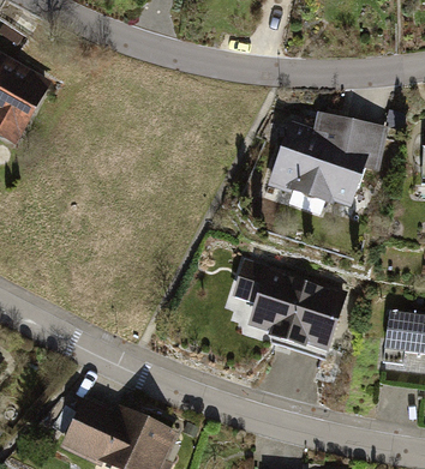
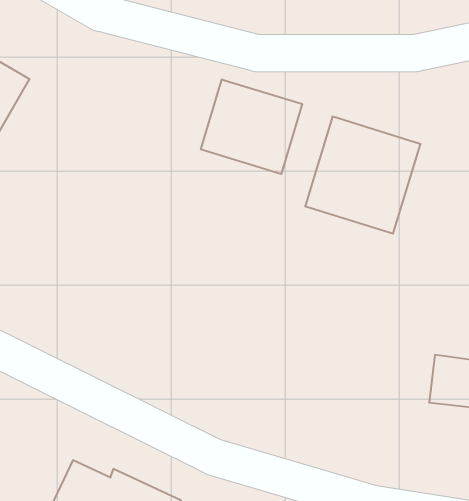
building: none -> [201,79,302,174]
building: [243,266,343,354] -> none

